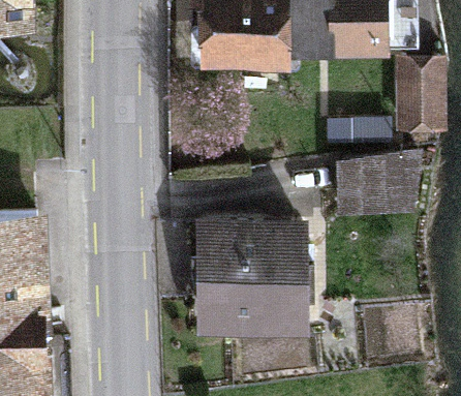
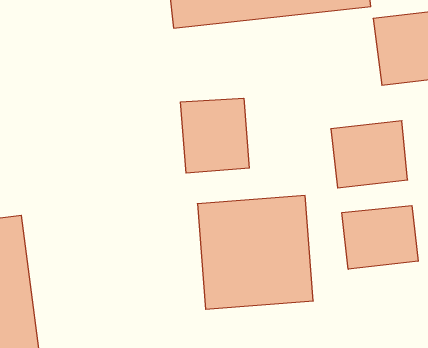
building: none -> [181,98,249,173]
building: none -> [342,206,418,269]

